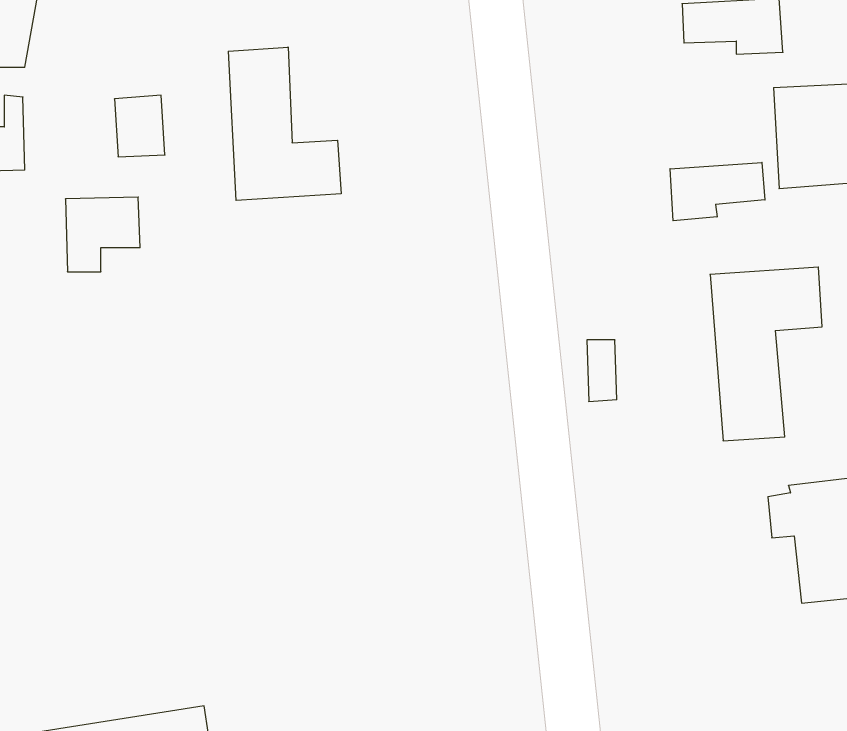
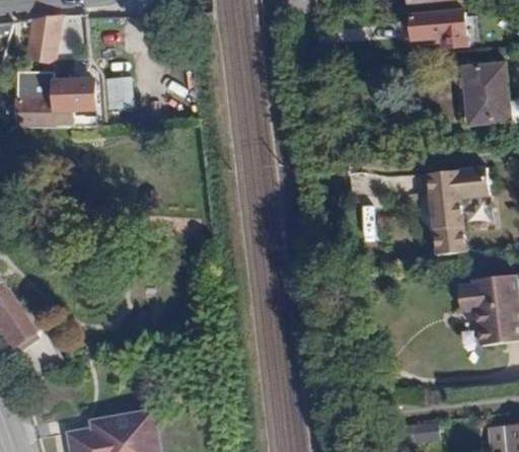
building: [228,47,341,200] -> none
building: [670,162,765,221] -> none
building: [65,197,140,272] -> [54,74,94,115]

